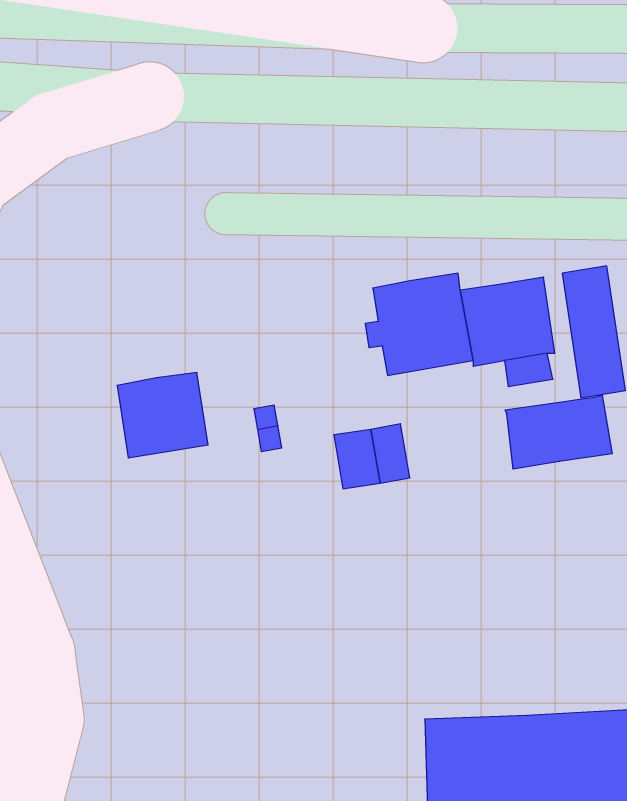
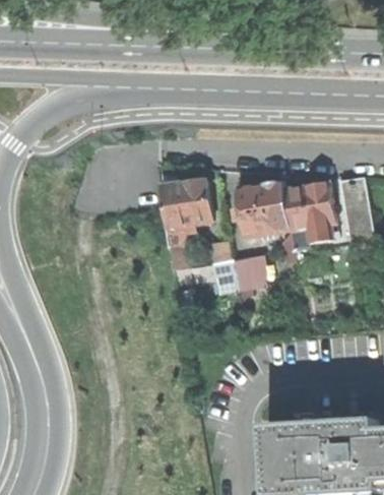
building: [117,372,208,458] -> [163,187,212,234]
building: [505,395,612,469] -> none

